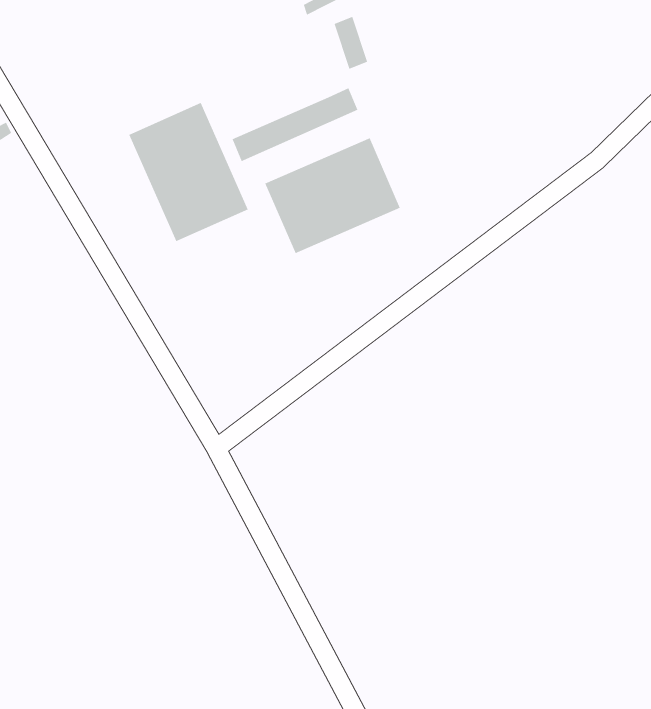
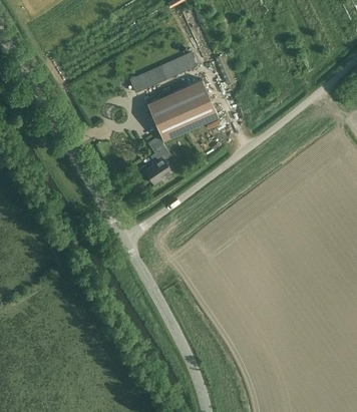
building: [128,102,249,242] -> none
building: none -> [145,136,172,183]

